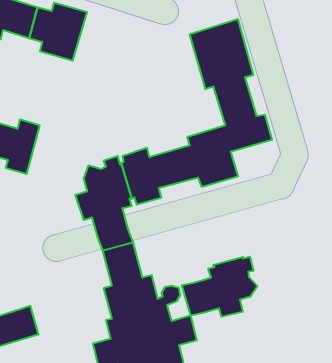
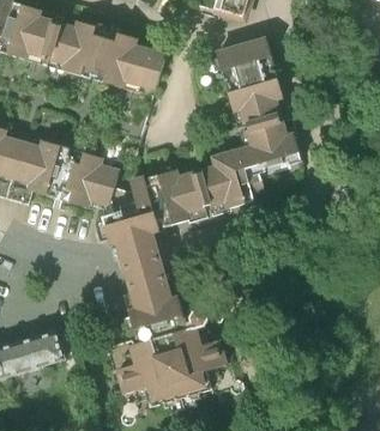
building: none -> [98,32,164,87]
building: none -> [52,147,117,207]
building: [182,257,257,317] -> none

